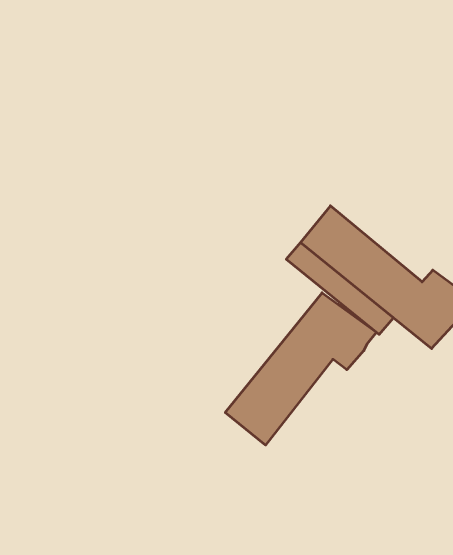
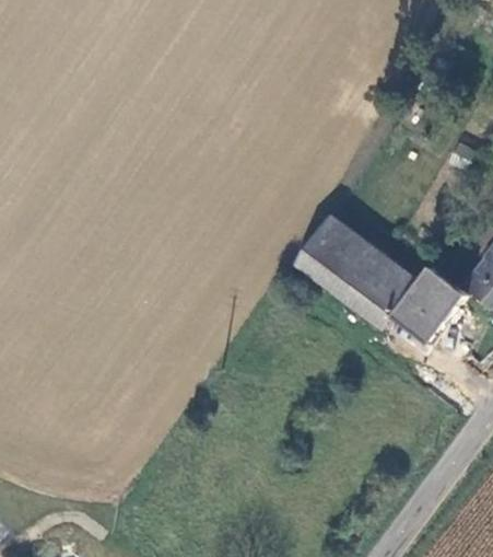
building: [225,293,376,445] -> none

